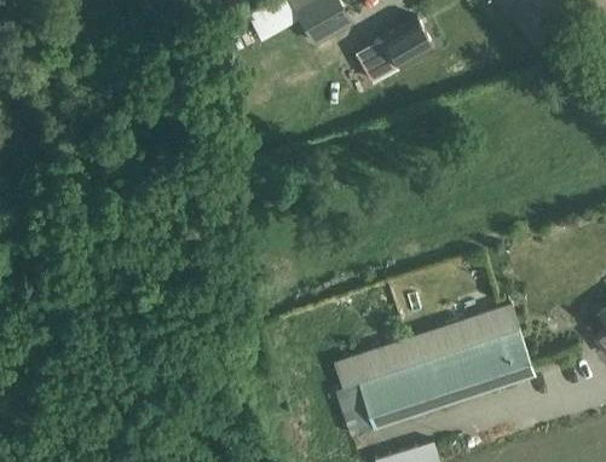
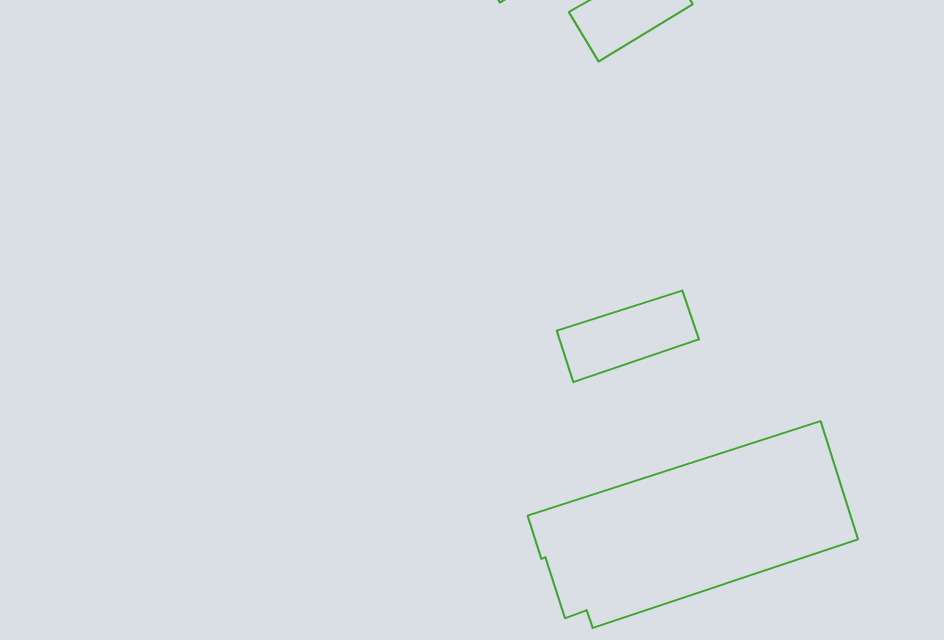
building: none -> [557,290,699,382]

